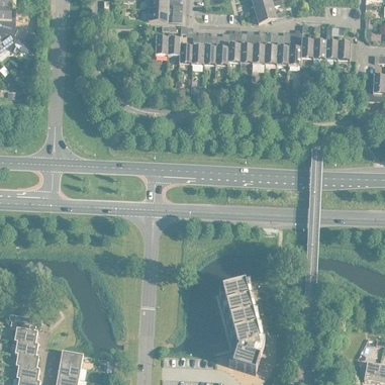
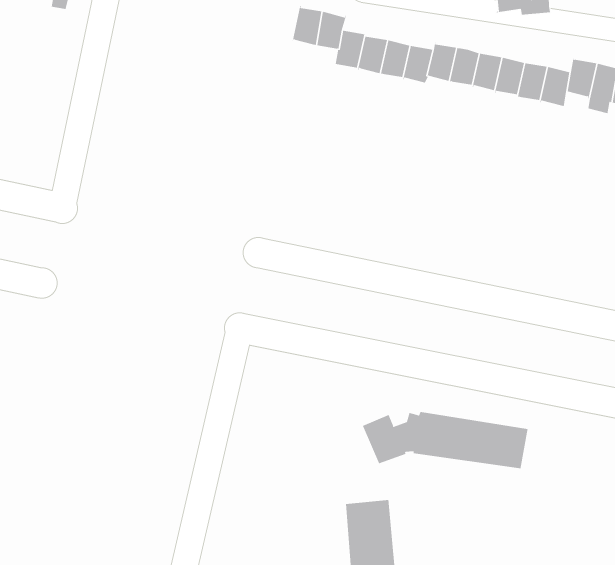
building: none -> [362,411,528,469]

